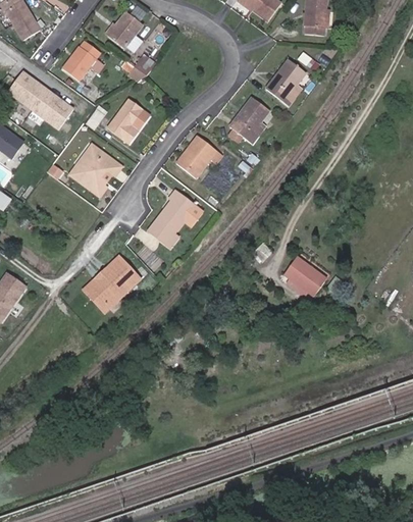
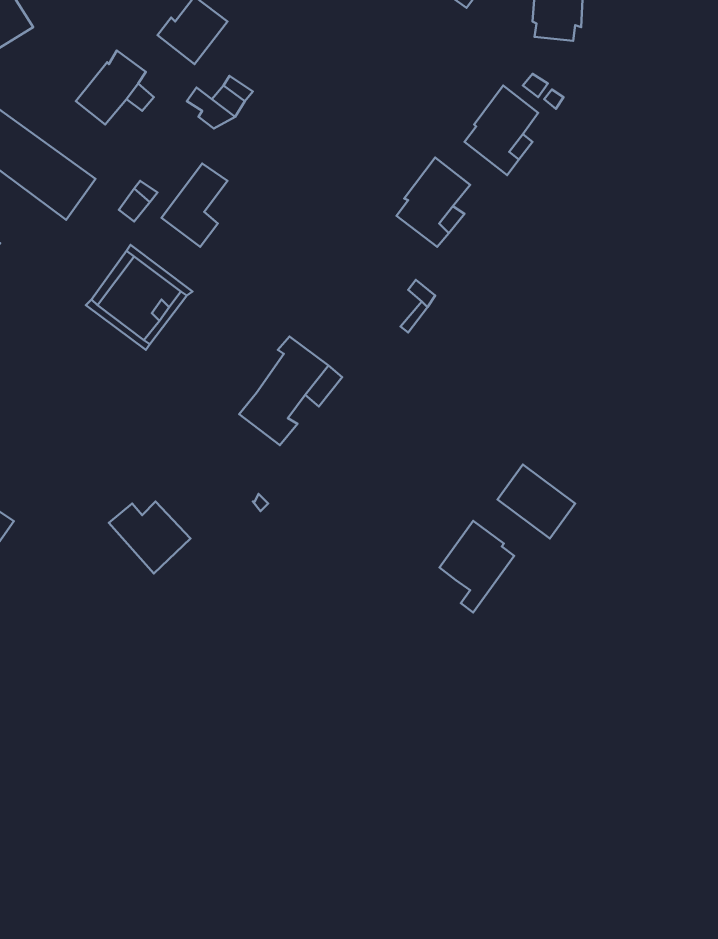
building: [174,134,222,178] -> none
building: [104,254,141,296] -> none
building: none -> [439,521,514,612]

